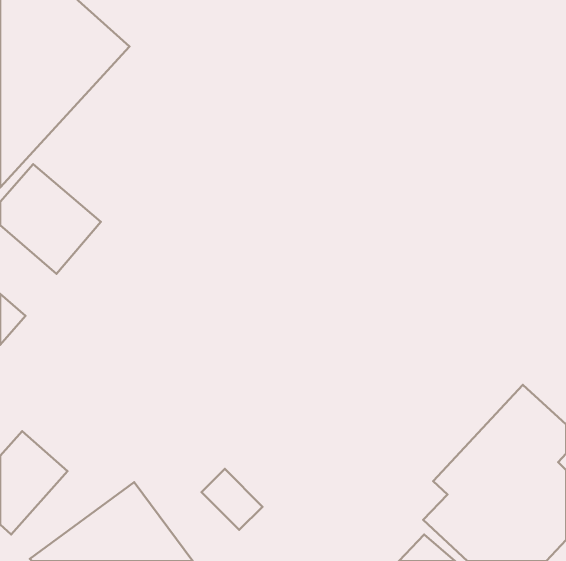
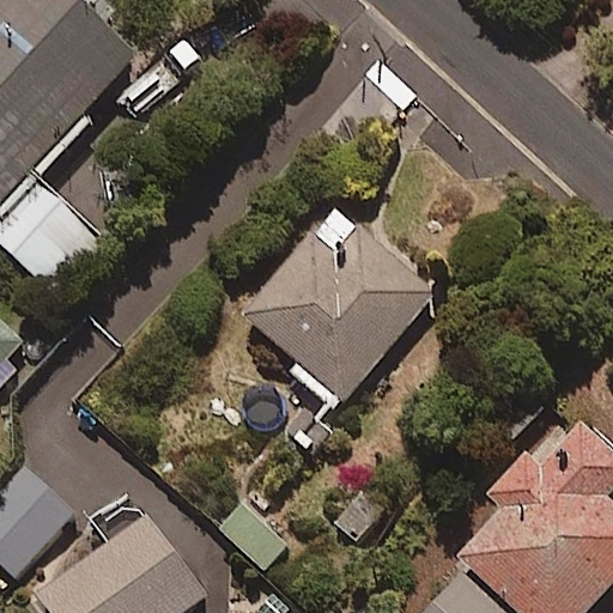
building: none -> [237,208,436,408]

